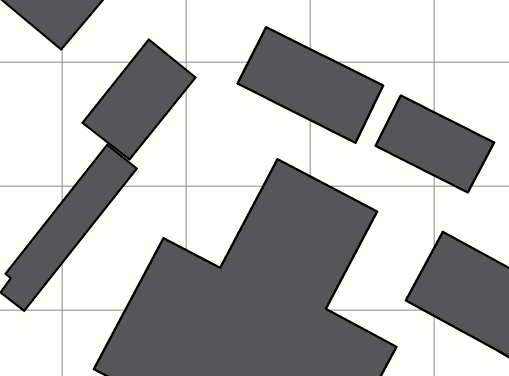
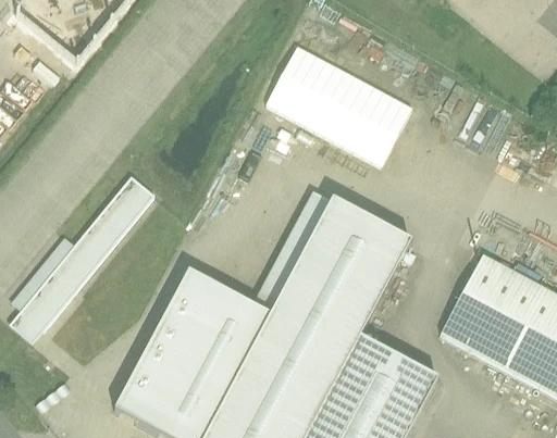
building: [83,39,195,160] -> none
building: [376,95,494,193] -> none

